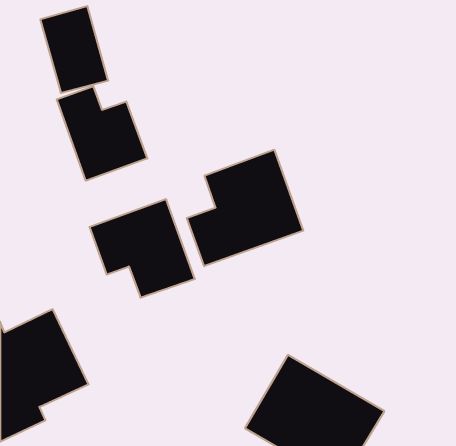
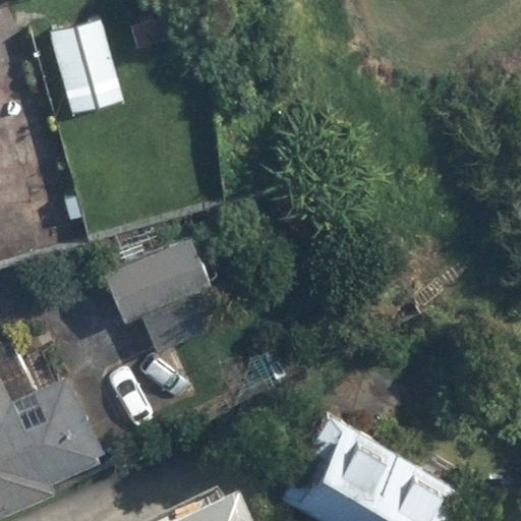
building: [57,86,147,181] -> none
building: [187,150,303,266] -> none

